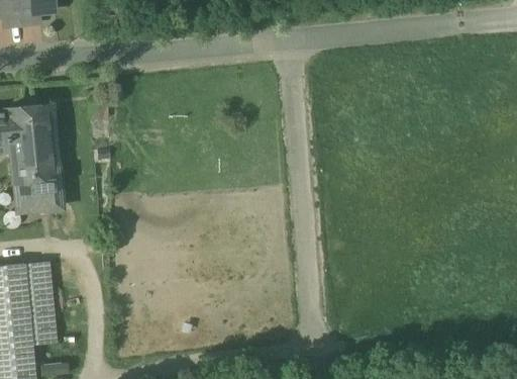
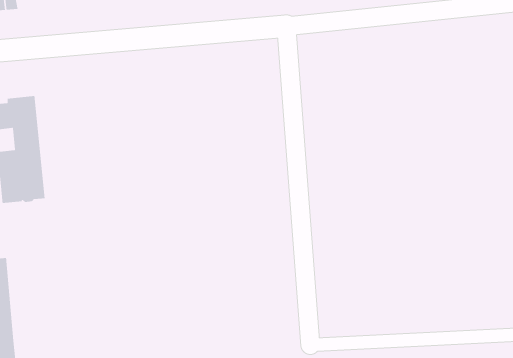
building: [23,261,56,344] -> none

